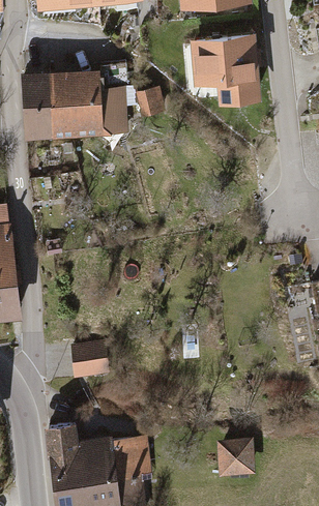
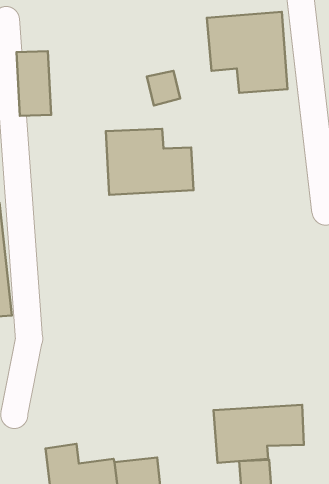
building: [49,70,127,129] -> [106,129,193,195]
building: [72,339,106,369] -> none
building: none -> [213,405,304,463]

